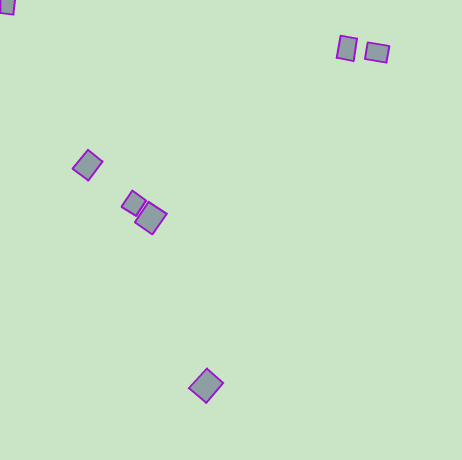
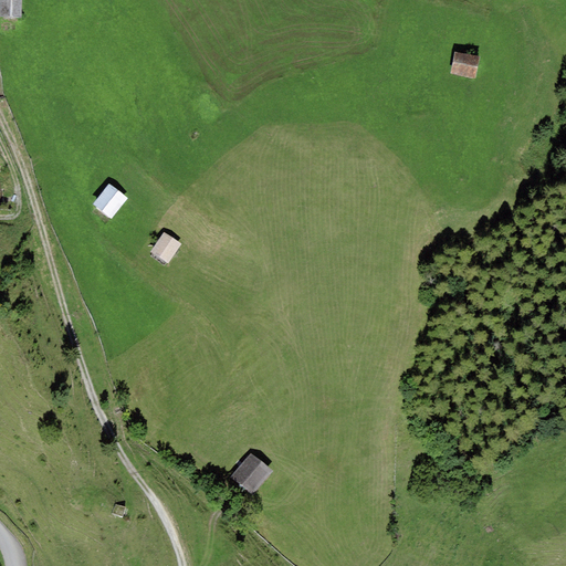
building: [337,36,357,61] -> none
building: [135,202,167,234] -> none

